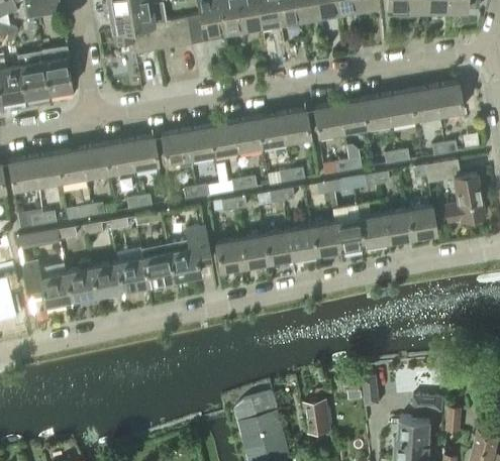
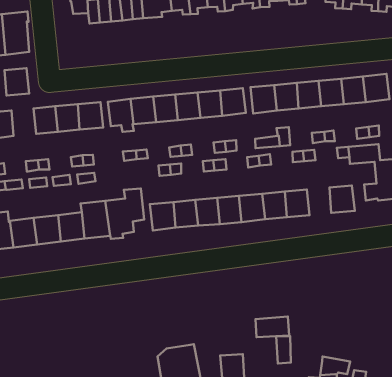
building: [59,149,87,181] -> [5,68,29,96]
building: [383,211,411,242] -> none
building: none -> [256,317,289,337]

